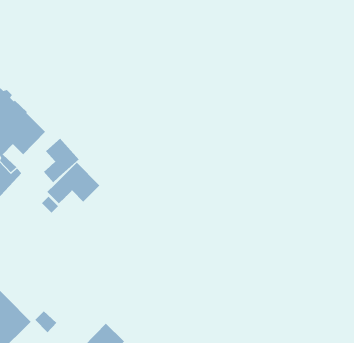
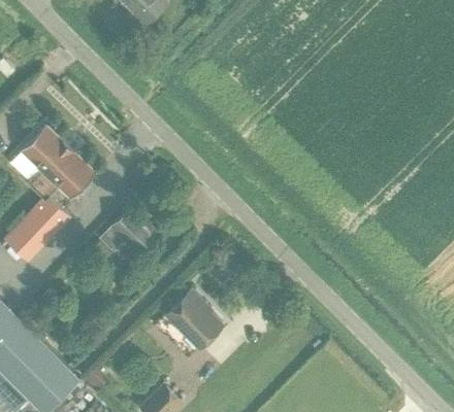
building: [43,138,79,183] -> none
building: none -> [165,295,222,351]

